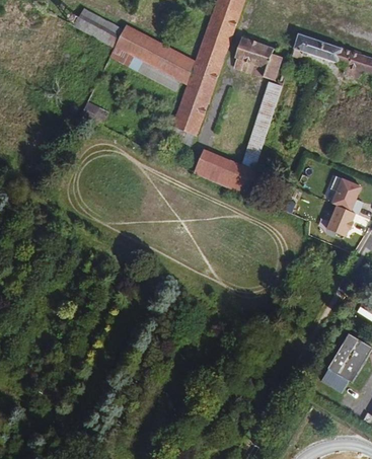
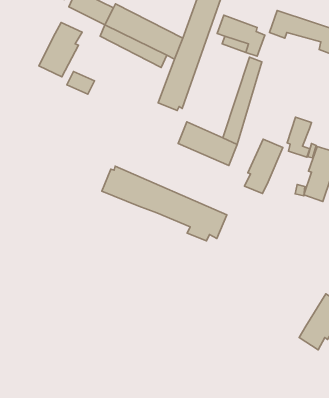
building: none -> [39,22,82,77]
building: none -> [287,117,312,157]
building: none -> [244,139,283,194]
building: none -> [102,166,227,241]

